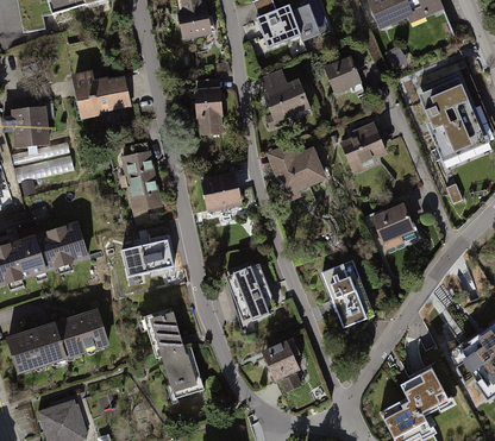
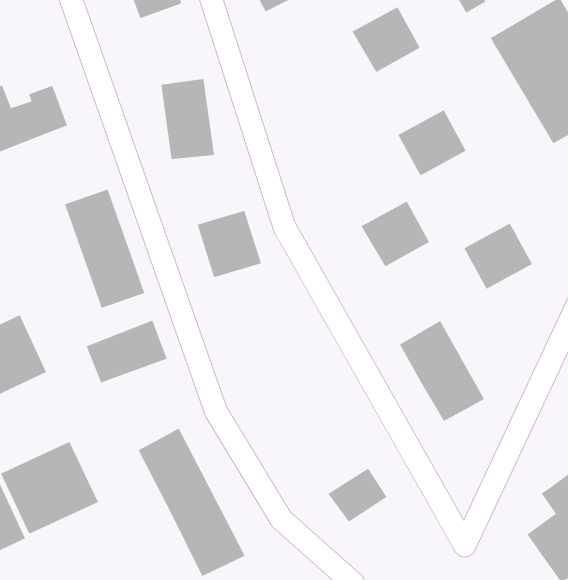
building: [263,80,306,120] -> none
building: [278,147,321,188] -> [361,201,430,267]
building: [230,264,274,323] -> none

